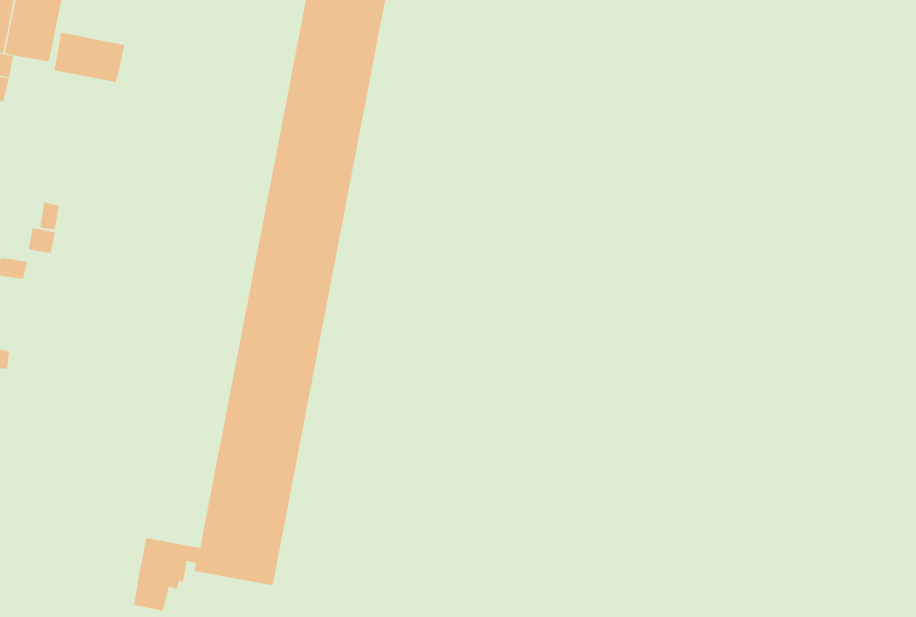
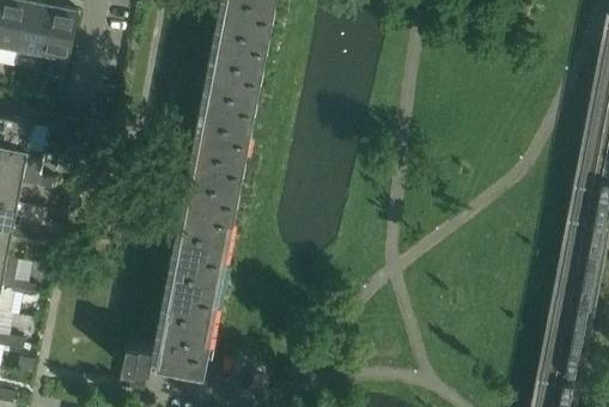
building: [54,32,125,83] -> none

